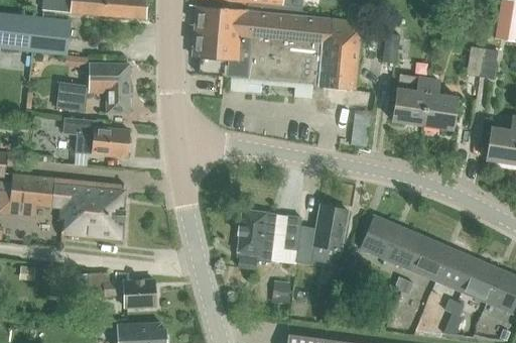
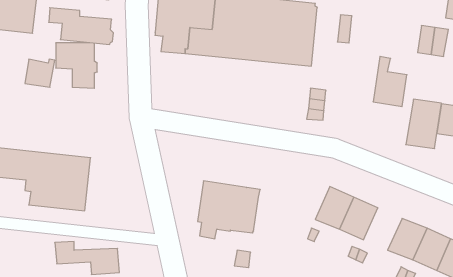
building: [390,75,427,126] -> [406,99,441,149]
building: [62,118,130,156] -> [49,8,113,44]
building: [295,204,349,264] -> none
building: [410,237,450,281] -> none

